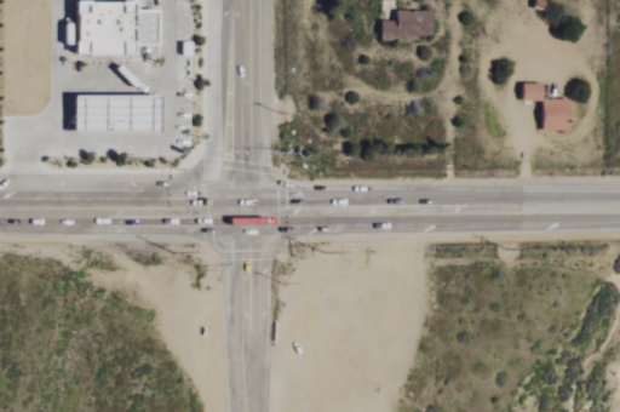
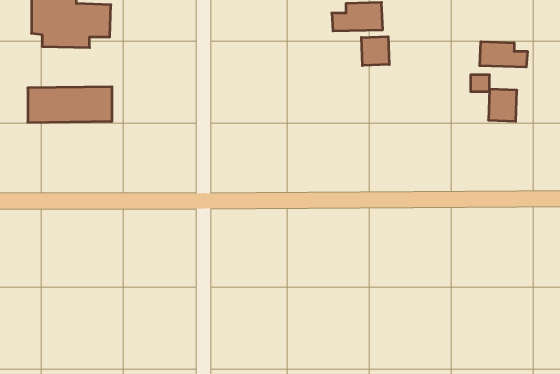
building: none -> [361,37,389,66]
building: none -> [480,42,527,67]

